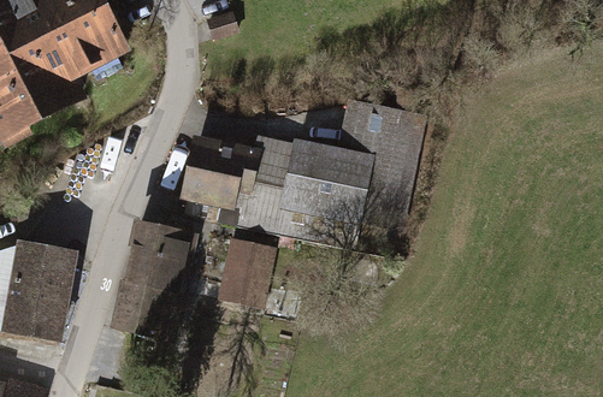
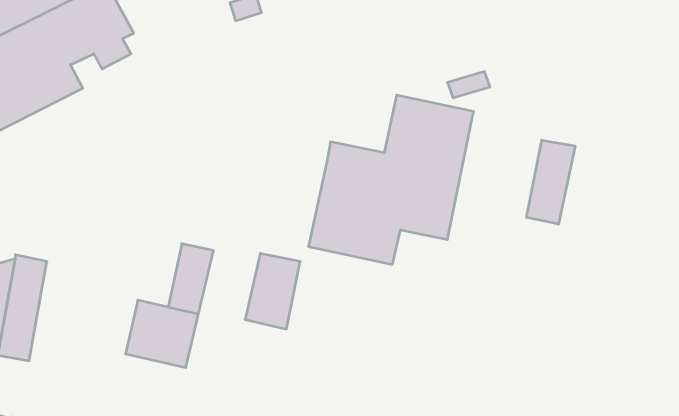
building: none -> [527,140,575,224]
building: [179,138,291,231] -> none
building: [125,223,164,284] -> none
building: [30,244,71,336] -> none

